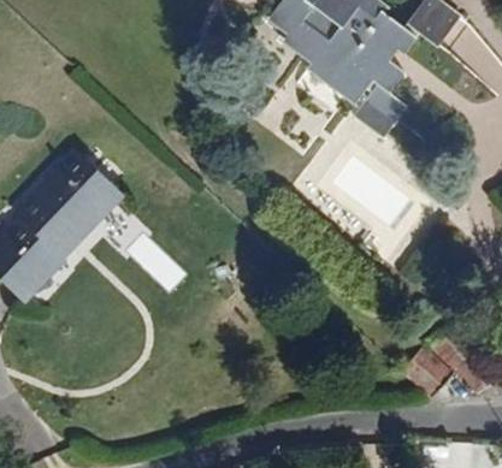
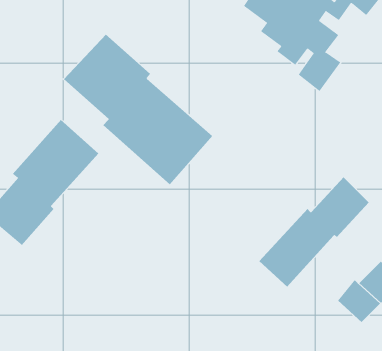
building: none -> [63,34,213,185]
building: none -> [259,176,369,287]

